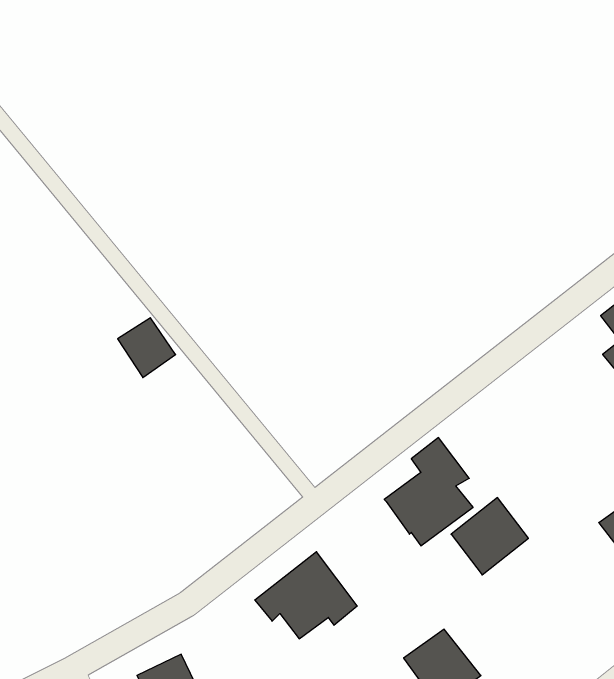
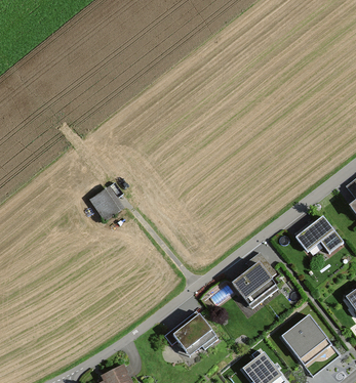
building: none -> [293,215,343,254]
building: [451,498,528,575] -> [284,316,325,357]

